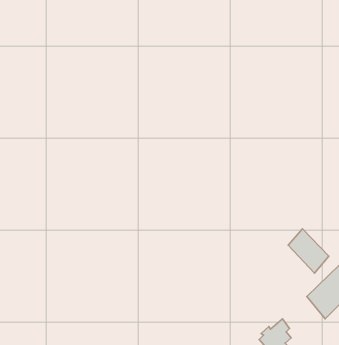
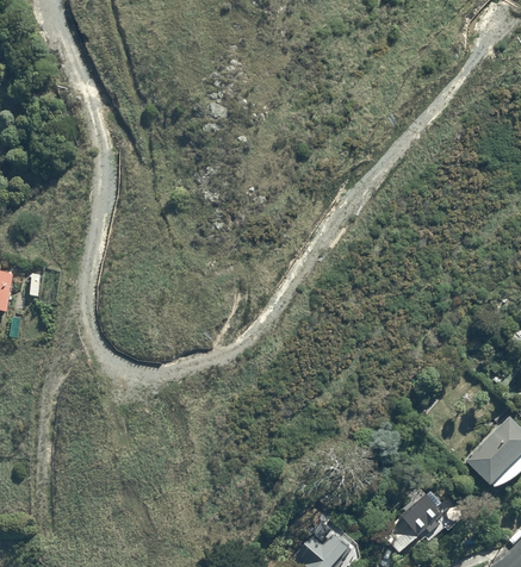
building: [288,229,329,273] -> none

